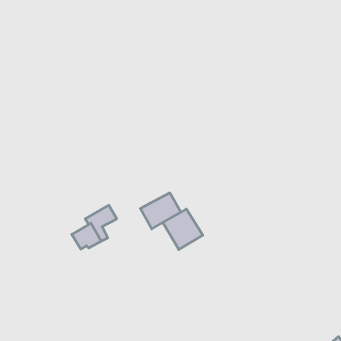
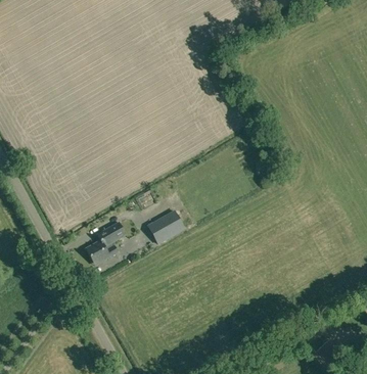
building: [163,209,203,250] -> none

